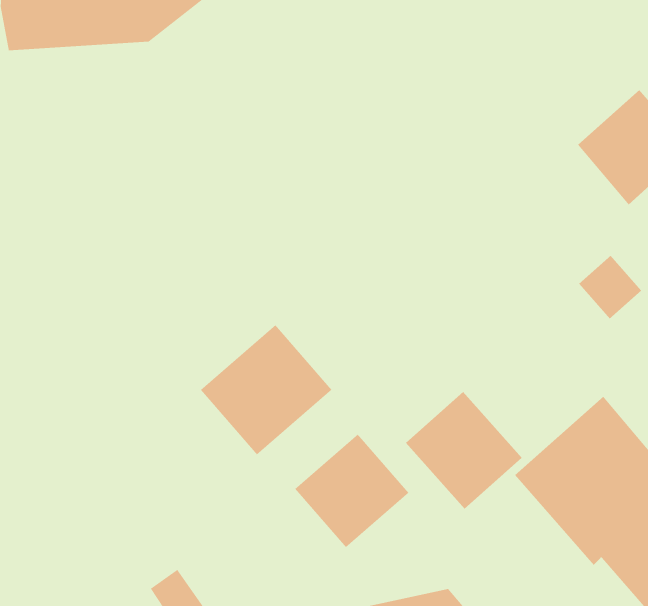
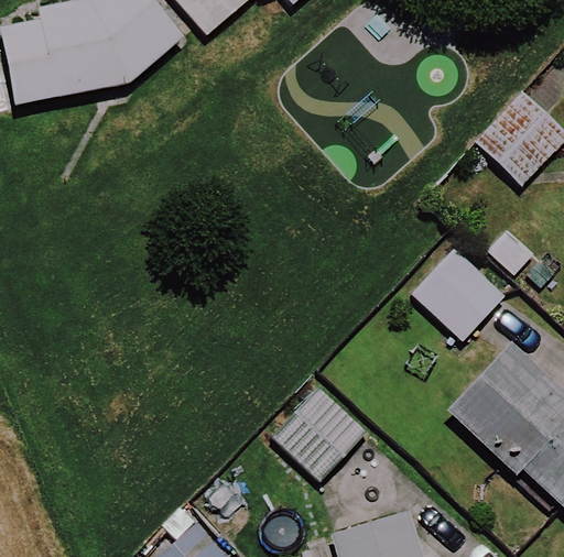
building: [200,324,333,456] -> none
building: [405,391,522,510] -> [410,247,505,341]

